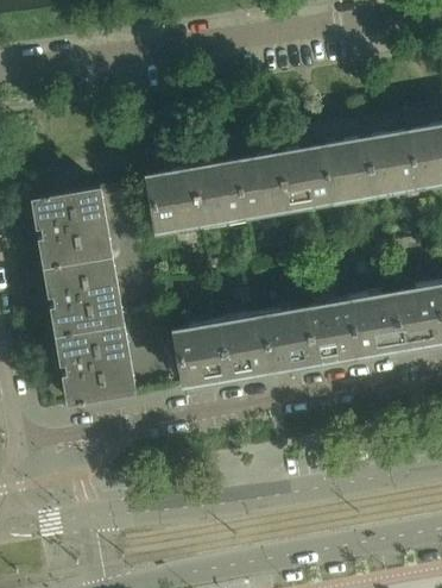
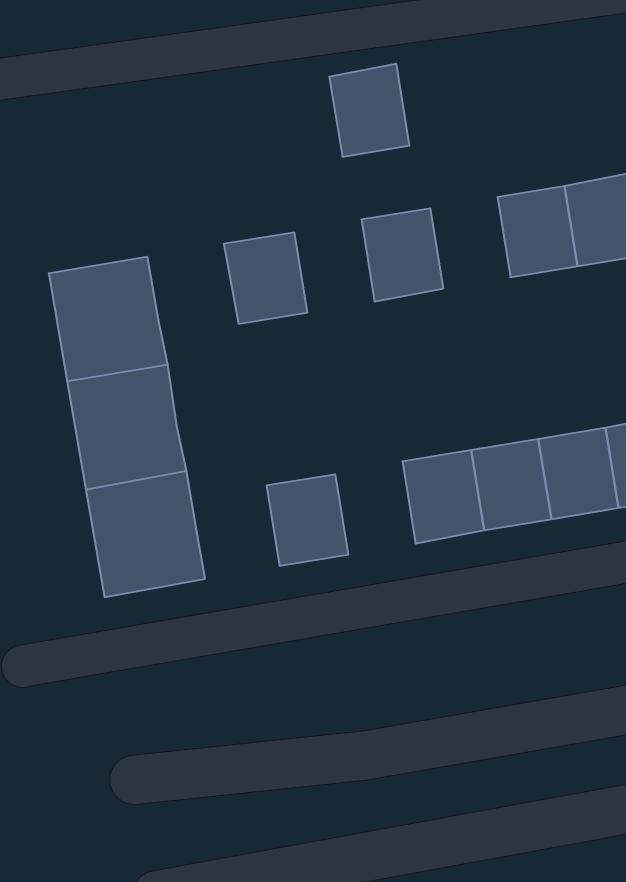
building: [278,149,329,207] -> none
building: [191,163,242,223] -> [329,64,409,157]
building: [217,318,269,377] -> none

